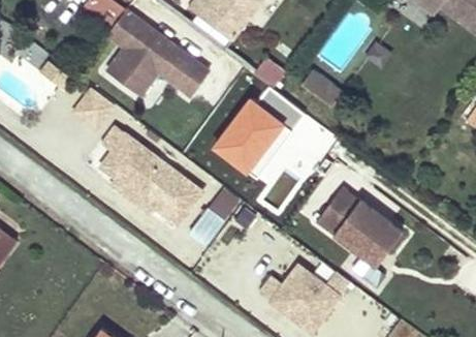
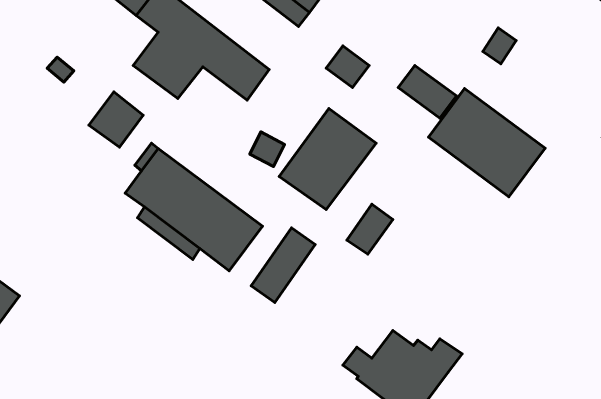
building: [316,181,403,262] -> [428,88,545,197]

